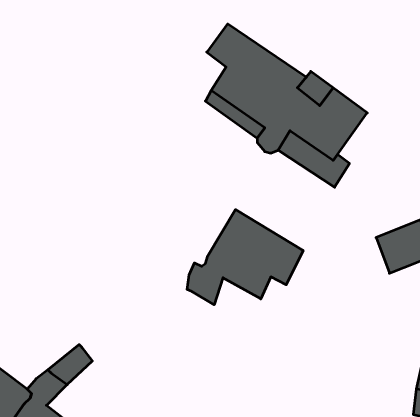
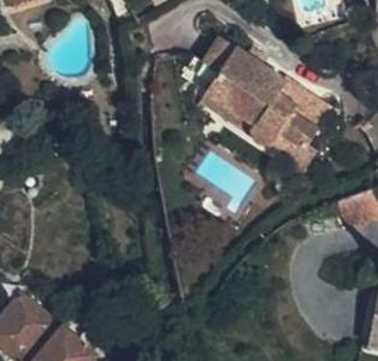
building: [187,210,303,305] -> none

